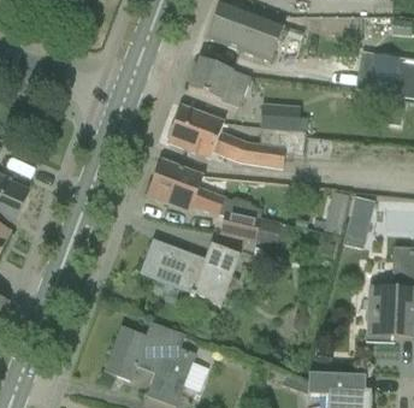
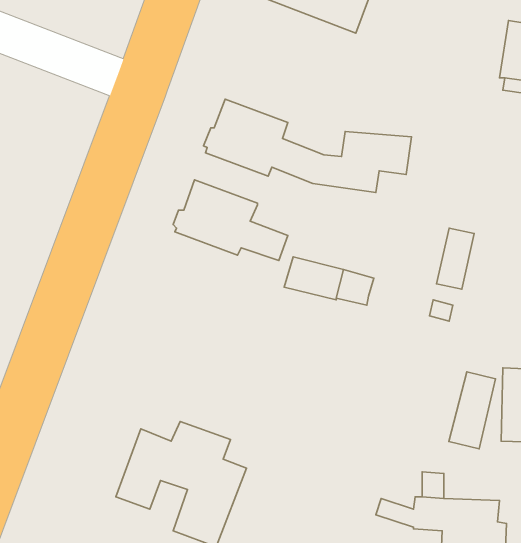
building: [188,57,249,106] -> none
building: [259,102,309,130] -> none
building: [342,196,373,248] -> [449,372,495,449]
building: [140,238,239,303] -> none

